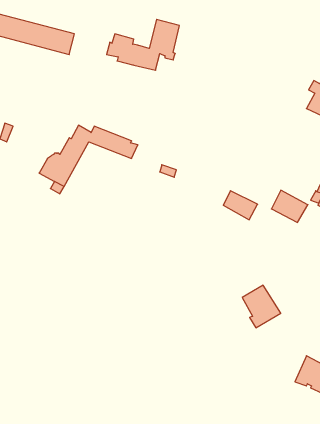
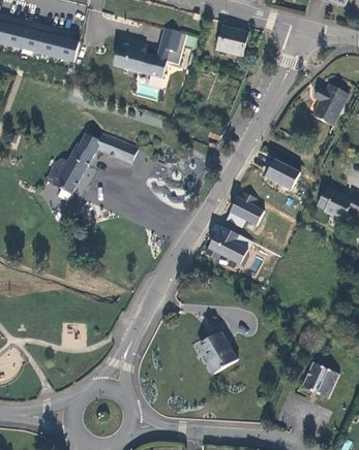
building: none -> [215,26,247,56]
building: [271,190,308,222] -> [264,158,300,190]
building: none -> [209,226,251,264]
building: [242,285,281,328] -> [199,331,237,374]

